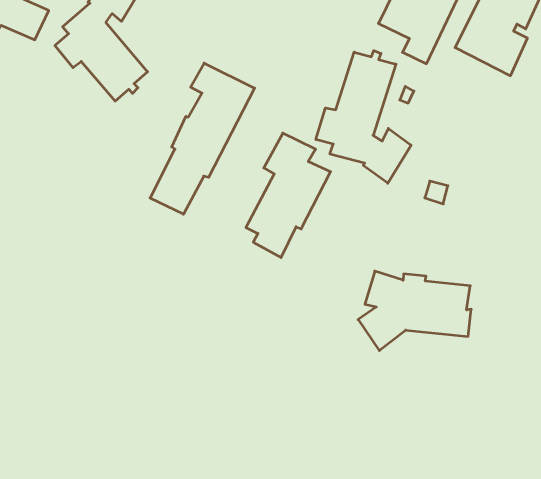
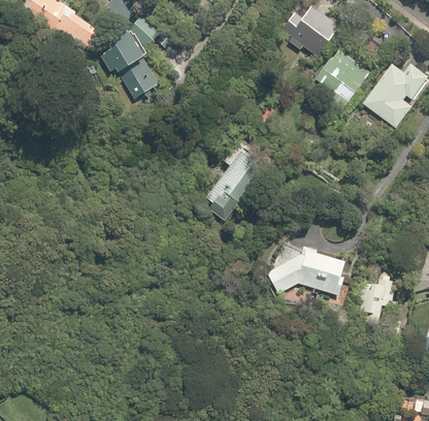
building: [316,51,411,183] -> none
building: [150,63,255,214] -> none

